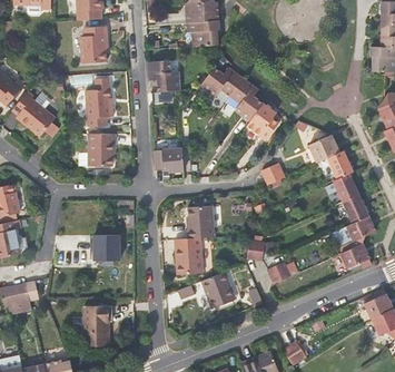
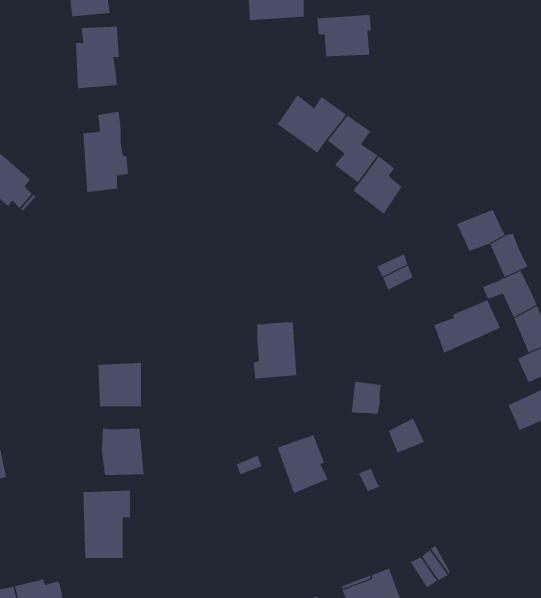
building: [186,20,219,46] -> [316,14,372,57]
building: [148,59,179,91] -> none
building: [81,134,115,166] -> none
building: [155,147,185,170] -> none
building: none -> [434,300,501,354]
building: [175,237,203,273] -> none
building: none -> [101,428,144,476]

